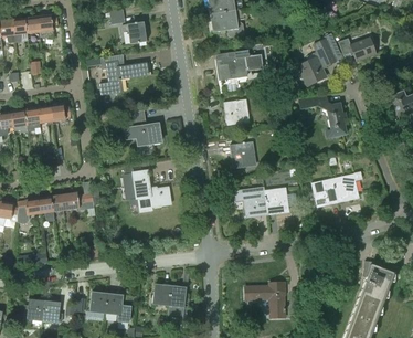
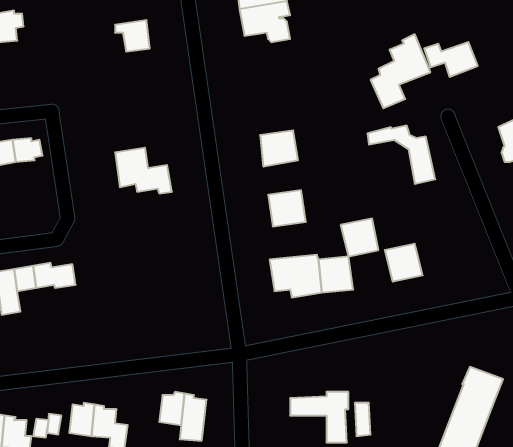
building: [216,53,263,77] -> none
building: [99,60,151,94] -> none
building: [124,161,170,210] -> none
building: [331,173,358,200] -> [341,219,378,256]

